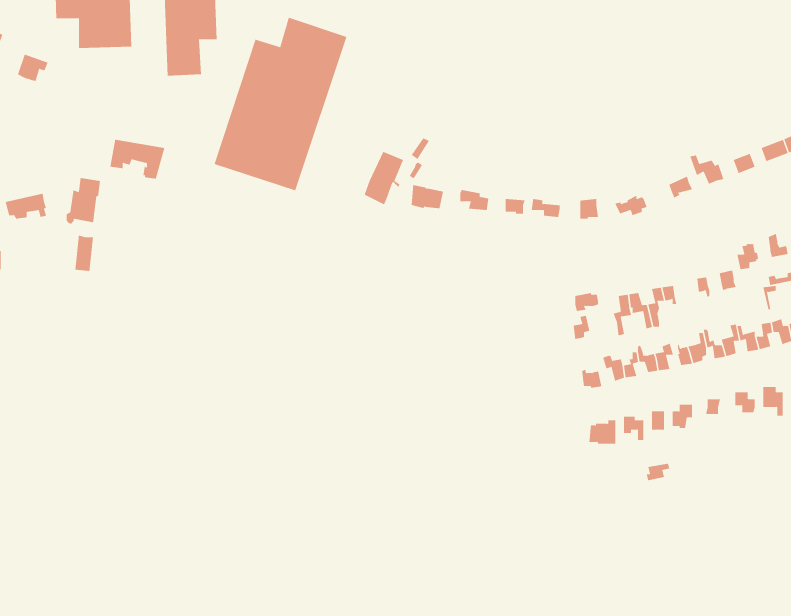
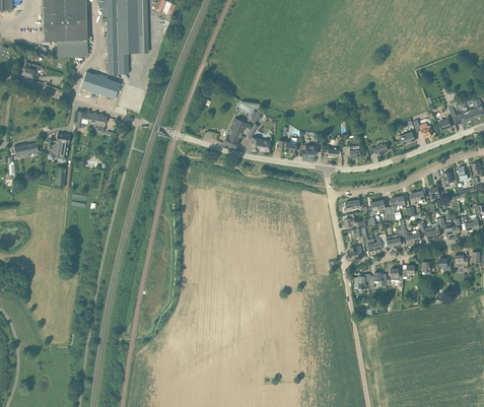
building: [214,17,347,191] -> none
building: none -> [81,70,120,97]

